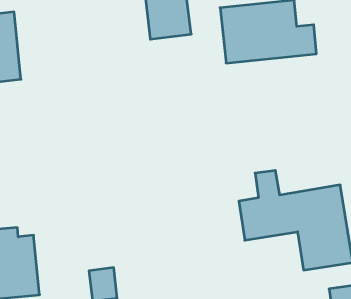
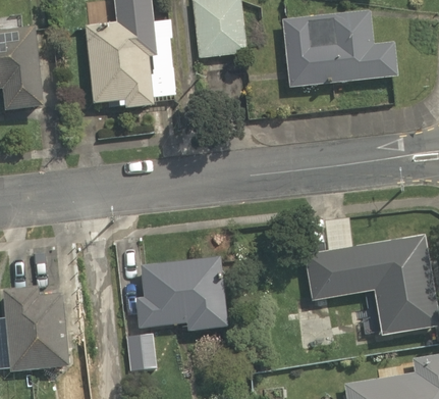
building: none -> [85,17,174,110]
building: none -> [134,255,227,331]

